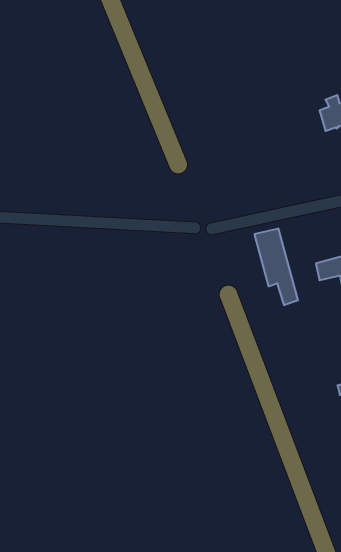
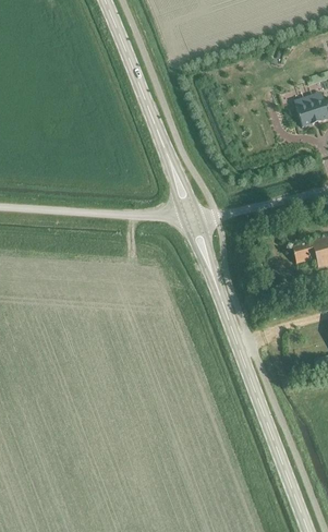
building: [255,228,298,305] -> none

